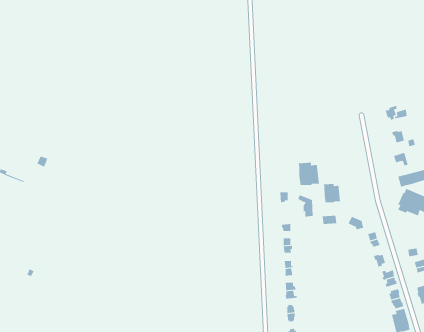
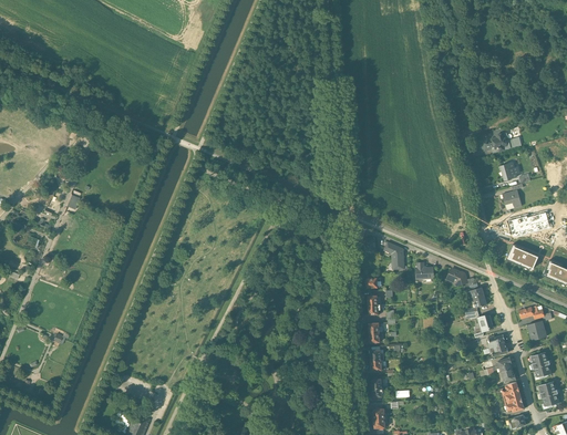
building: [298,162,319,186] -> none
building: [324,183,341,203] -> none

